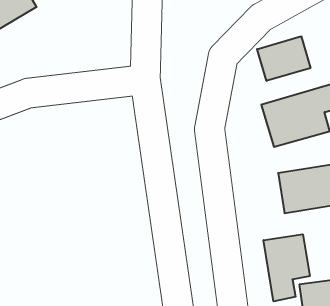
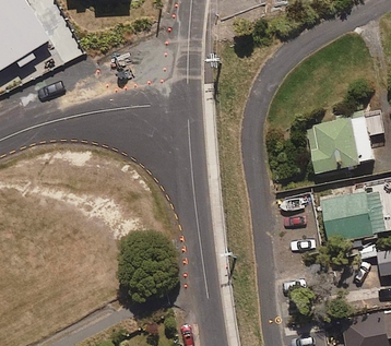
building: [257,36,310,81] -> none
building: [264,234,310,301] -> none

